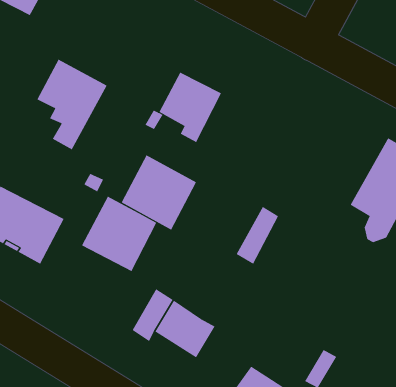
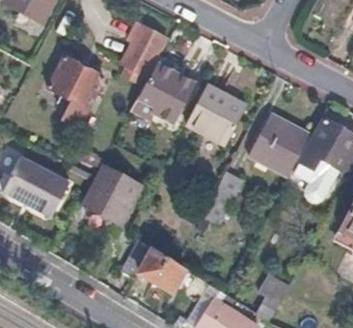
building: none -> [121,23,168,77]
building: none -> [250,112,310,174]
building: [121,154,197,230] -> [186,85,246,145]

